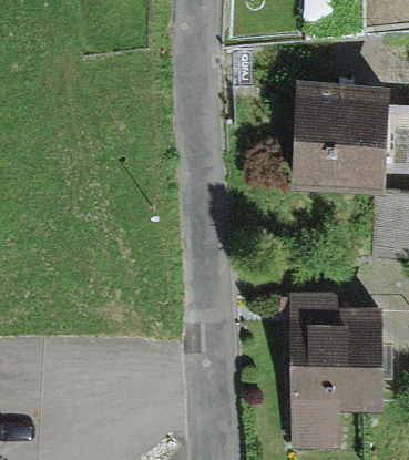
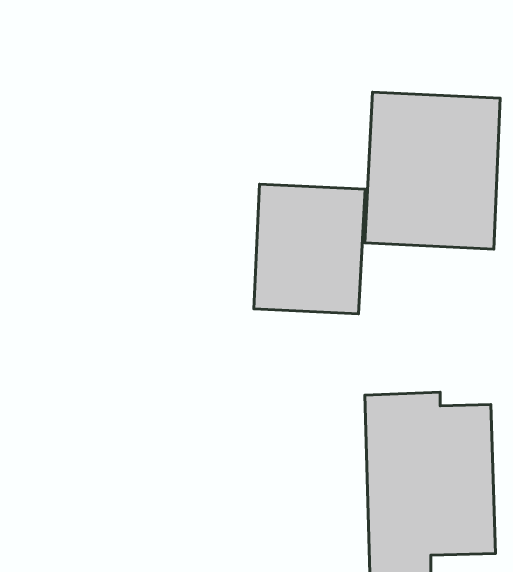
building: none -> [254,184,365,314]

